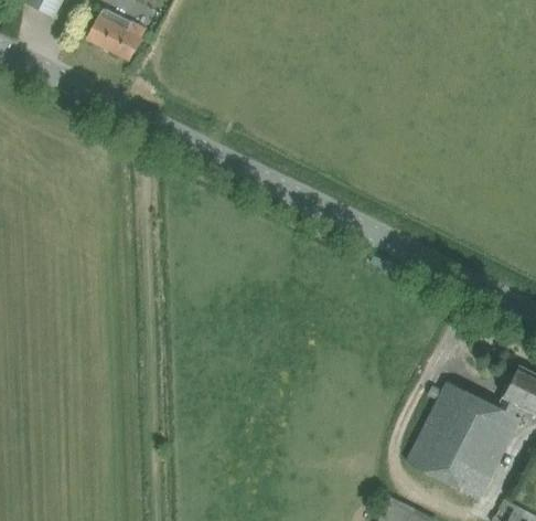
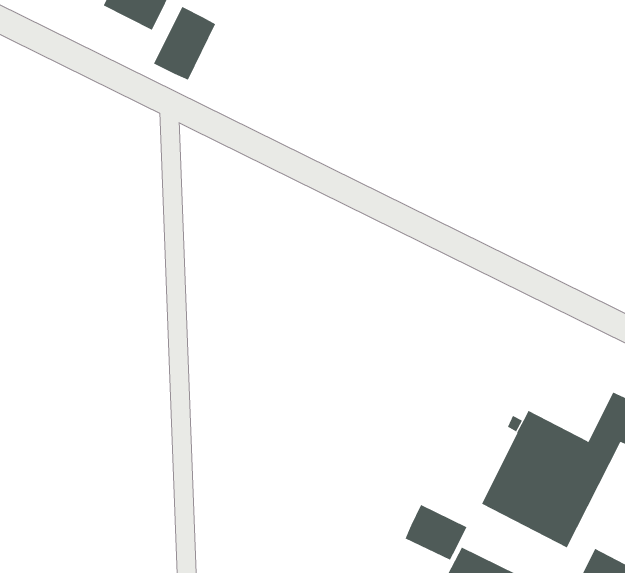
building: none -> [153,6,216,81]
building: none -> [405,504,467,560]

